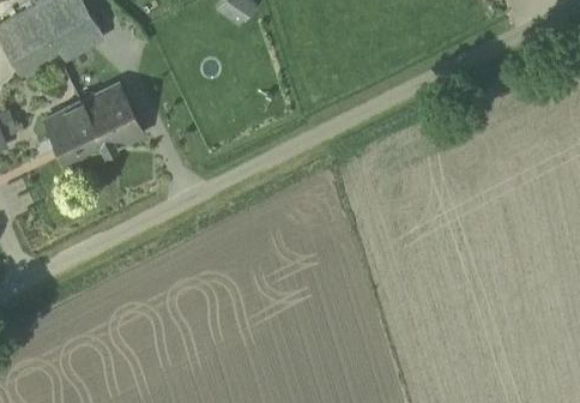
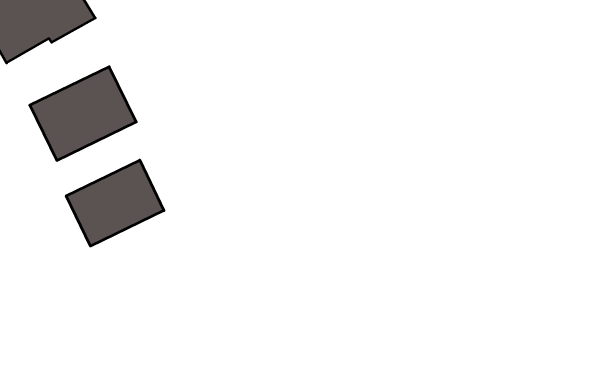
building: none -> [66,160,164,246]

